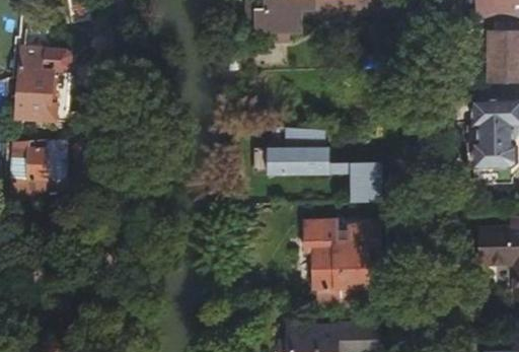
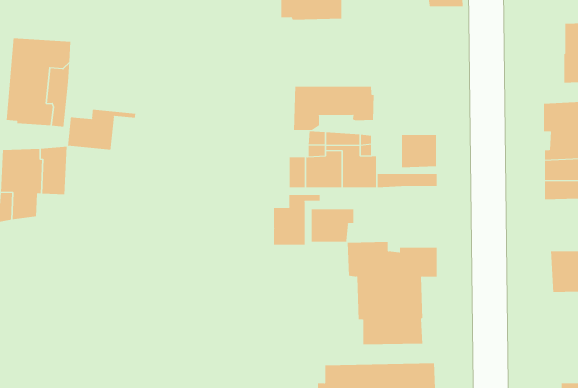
building: none -> [293,86,374,131]
building: none -> [68,109,136,151]
building: [352,173,382,202] -> [401,134,437,168]
building: none -> [274,194,320,246]
building: none -> [311,208,354,243]

